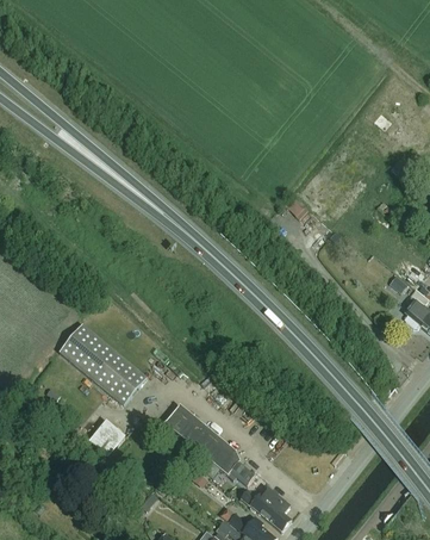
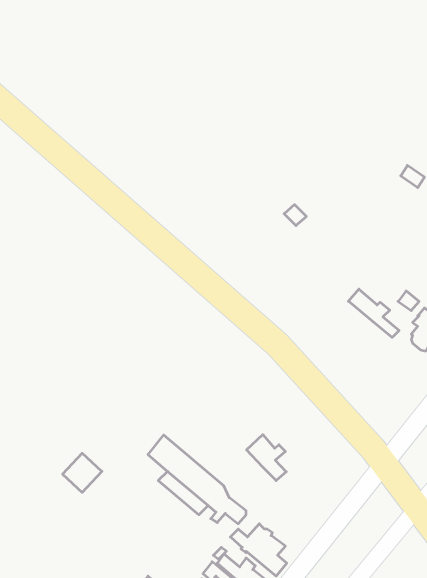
building: none -> [348,289,399,337]
building: [57,323,147,406] -> none
building: none -> [247,435,286,481]

